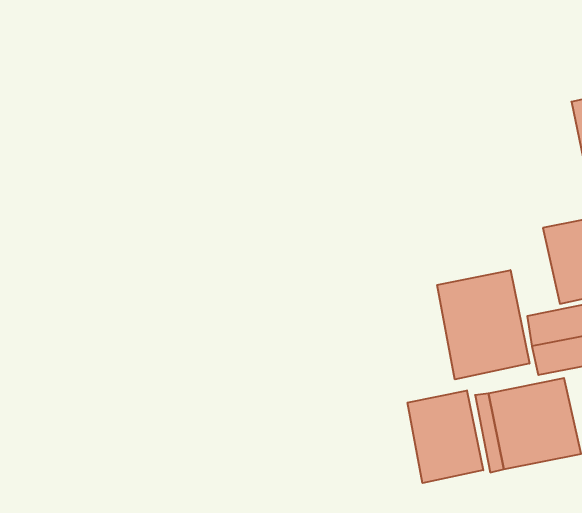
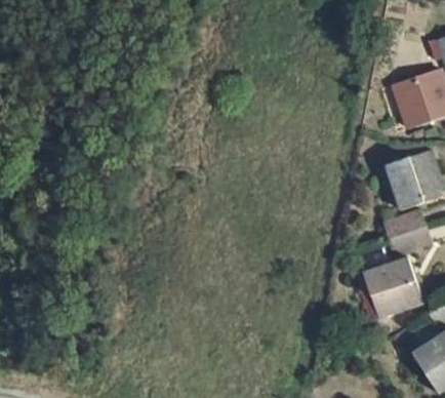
building: [437,270,529,379] -> none
building: [408,390,483,483] -> none

